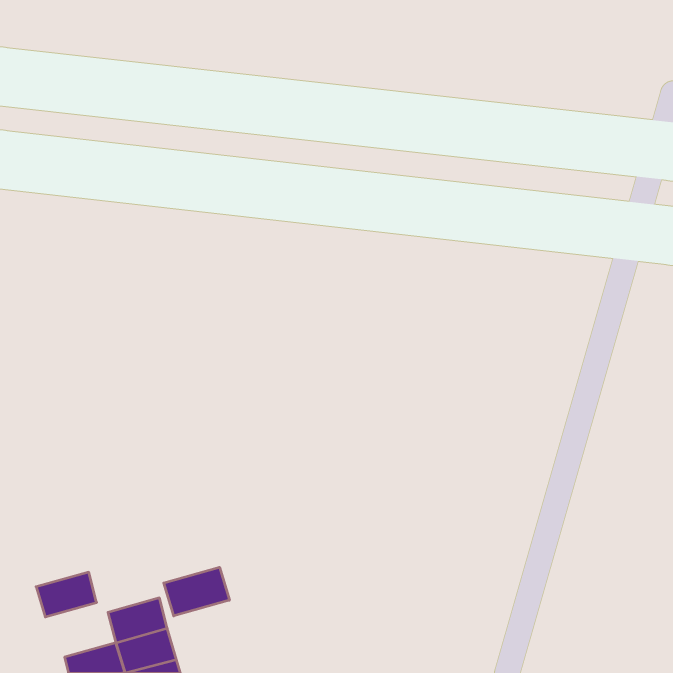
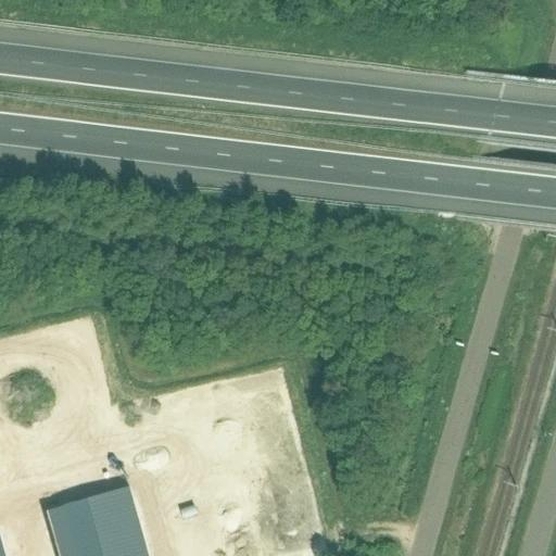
building: [164,567,229,616] -> none
building: [36,572,97,617] -> [46,505,96,542]

